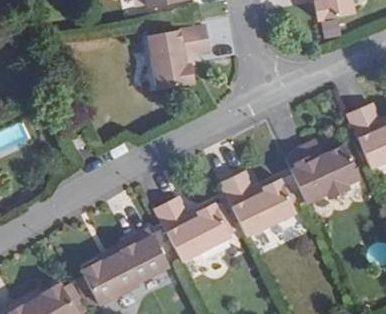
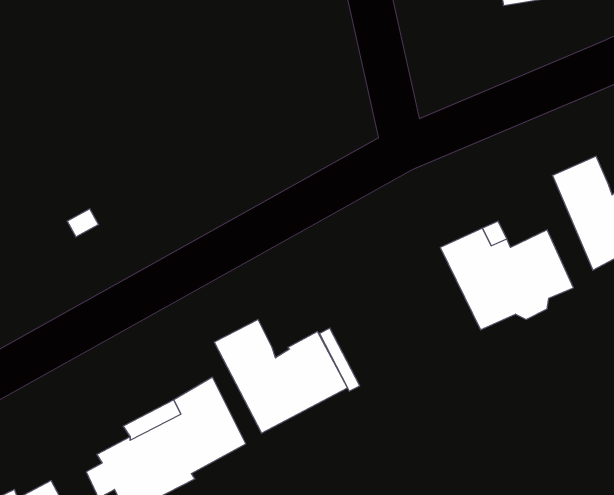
building: [151,24,213,89] -> none
building: [220,172,295,236] -> none

